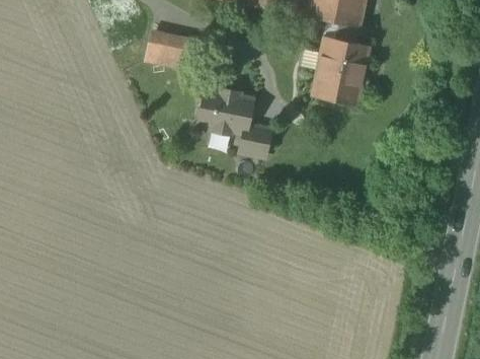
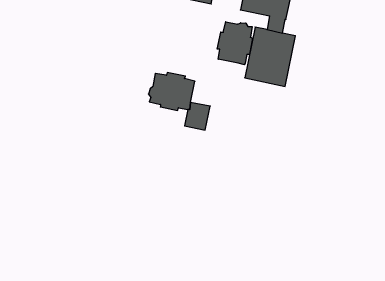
building: none -> [217,22,253,65]
building: [146,39,192,68] -> none

